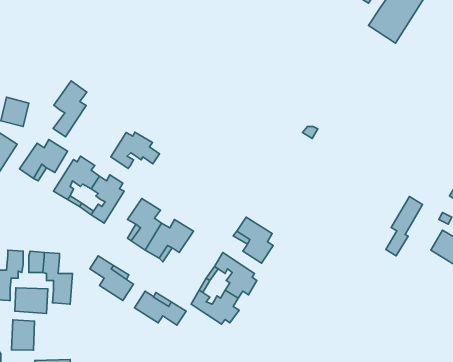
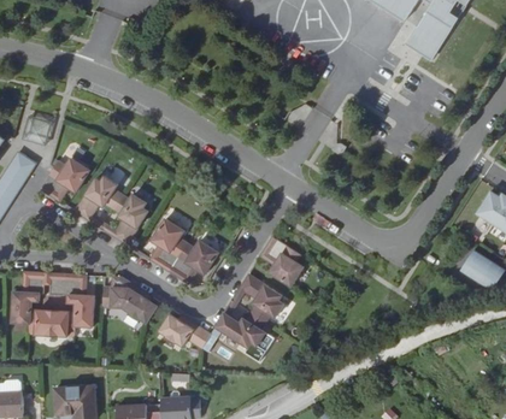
building: [53,81,87,137] -> none
building: [111,132,159,169] -> none
building: [386,197,422,256] -> none
building: [11,320,34,350] -> none

